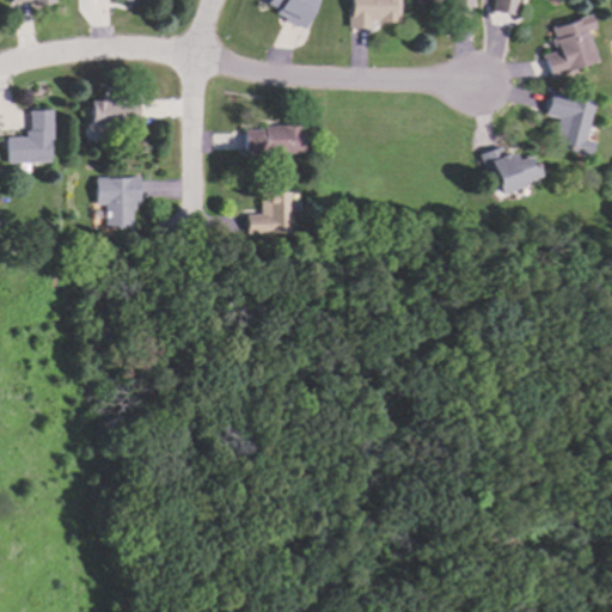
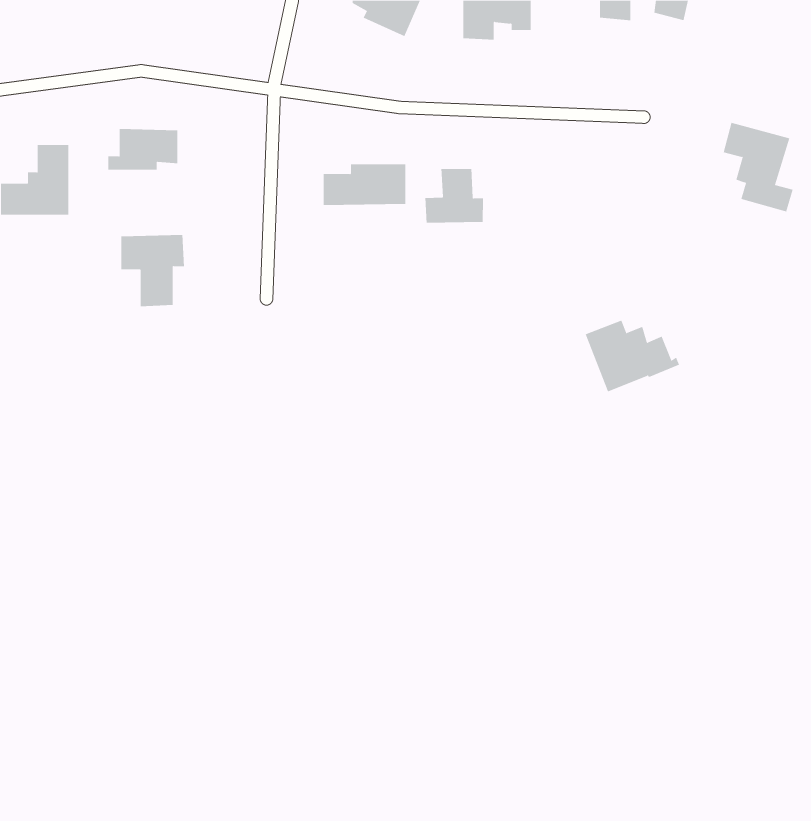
building: [543,13,601,75] -> none
building: none -> [425,168,484,224]
building: [477,143,547,197] -> [585,320,680,392]
building: [245,191,294,235] -> none

